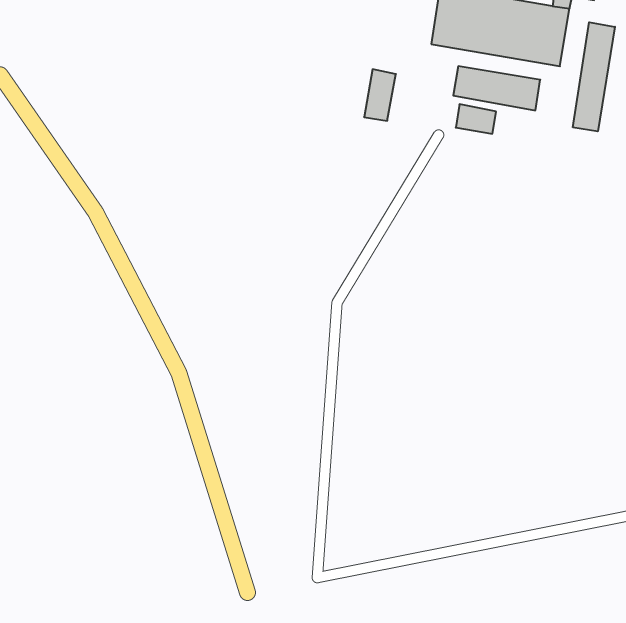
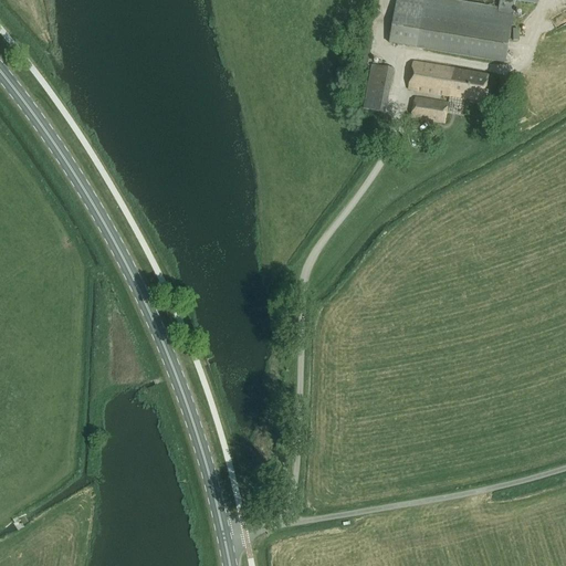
building: [573,22,615,131] -> none
building: [364,69,396,121] -> [364,63,392,109]

